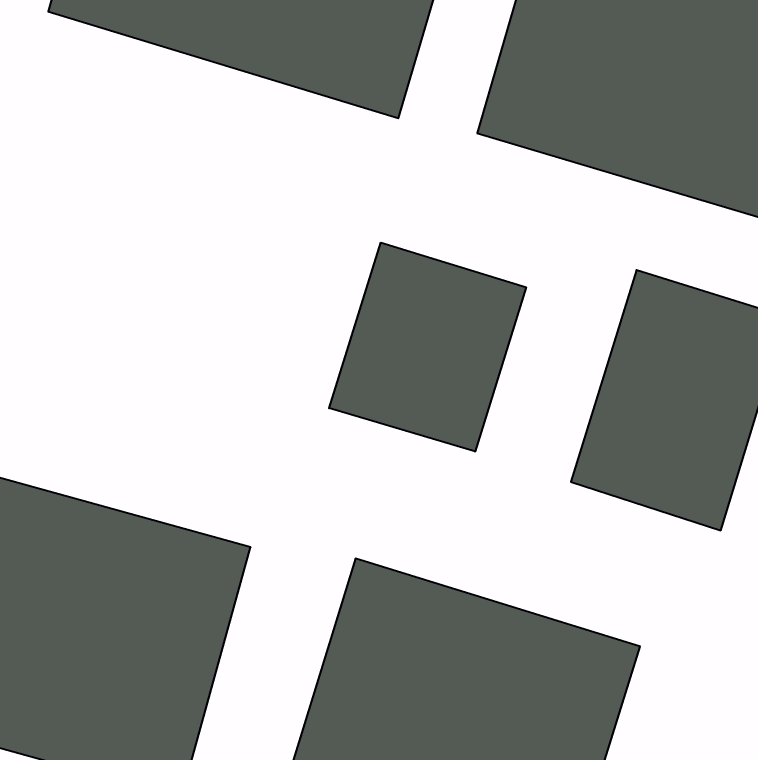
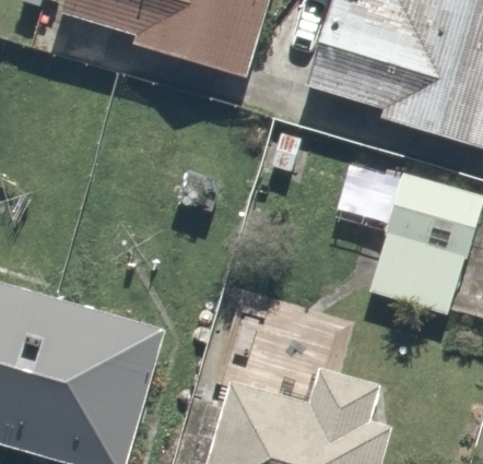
building: [329,243,526,452] -> none

